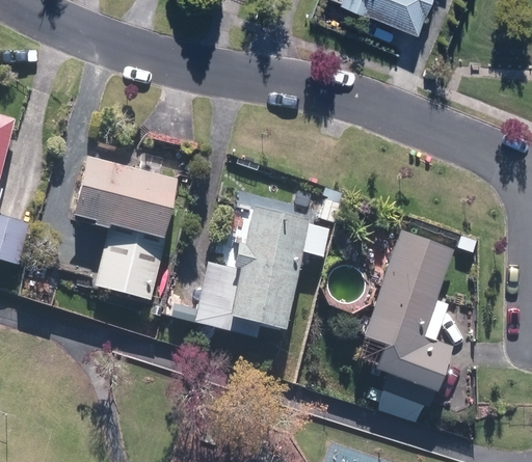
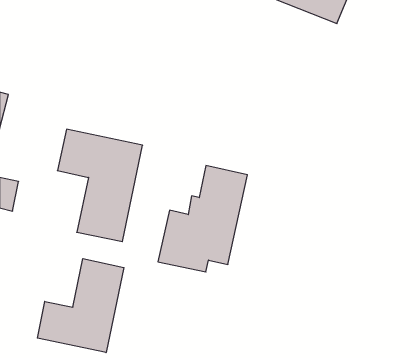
building: [363,229,454,407] -> none
building: none -> [37,259,124,353]

